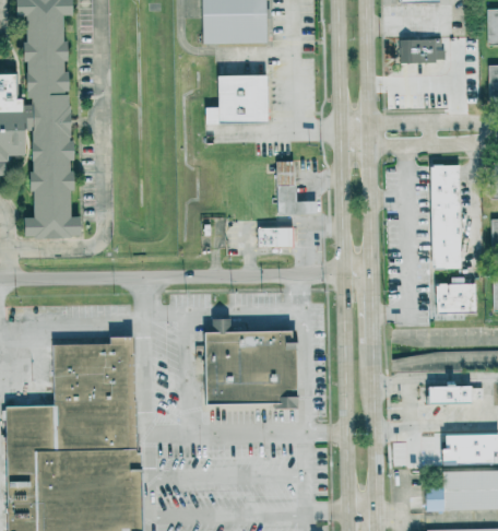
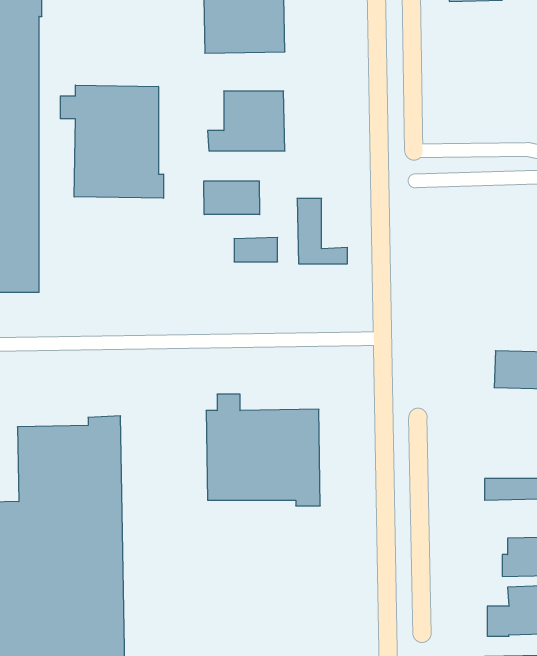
building: [401,38,444,62] -> none
building: none -> [60,85,163,198]
building: none -> [204,181,260,215]
building: [431,164,463,269] -> none
building: [259,226,294,246] -> [234,237,278,262]

